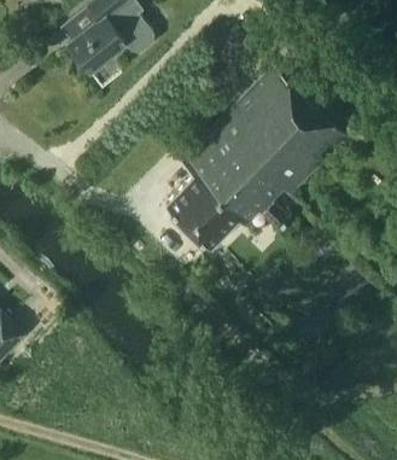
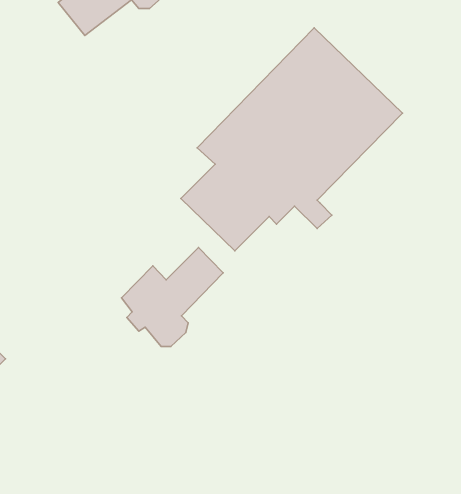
building: none -> [122,248,223,347]

